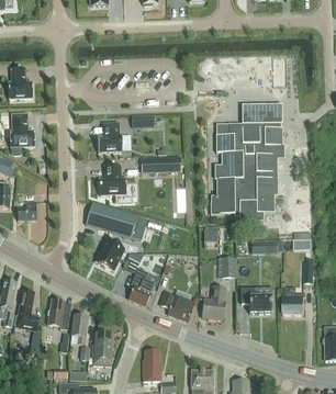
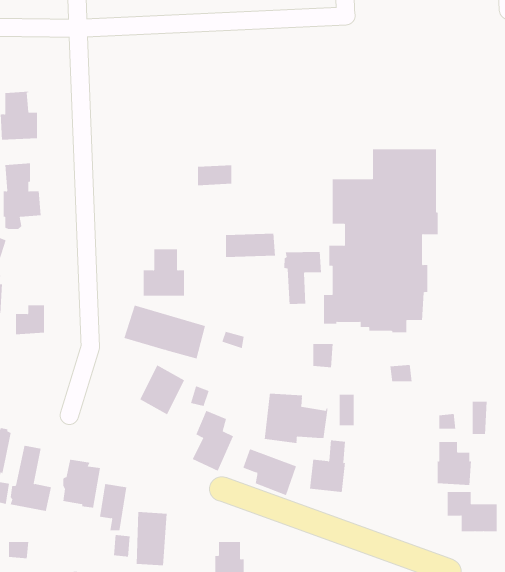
building: [97,122,122,151] -> none
building: none -> [284,251,321,305]
building: none -> [264,393,328,444]
building: [240,286,272,312] -> [447,492,498,532]

